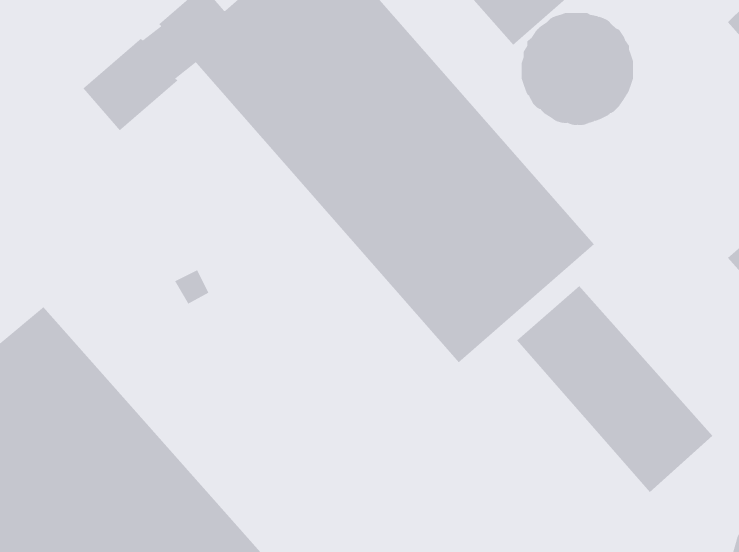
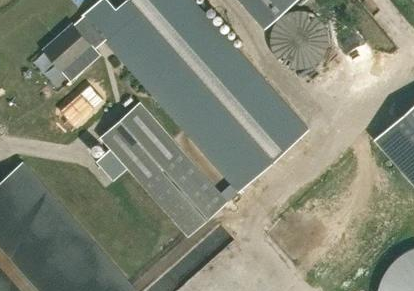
building: none -> [100,105,226,237]
building: [516,285,713,493] -> none

